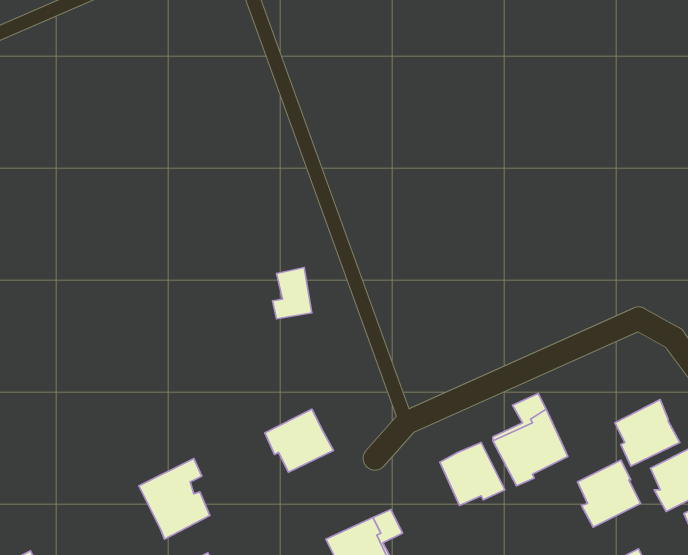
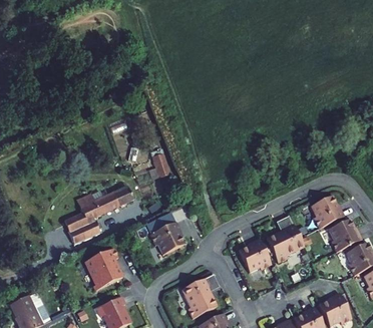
building: none -> [66,187,135,243]
building: [578,460,641,527] -> [311,195,343,229]

